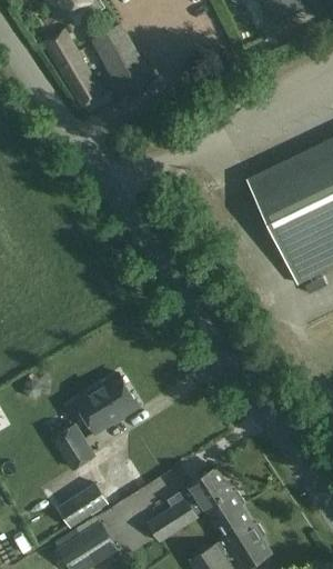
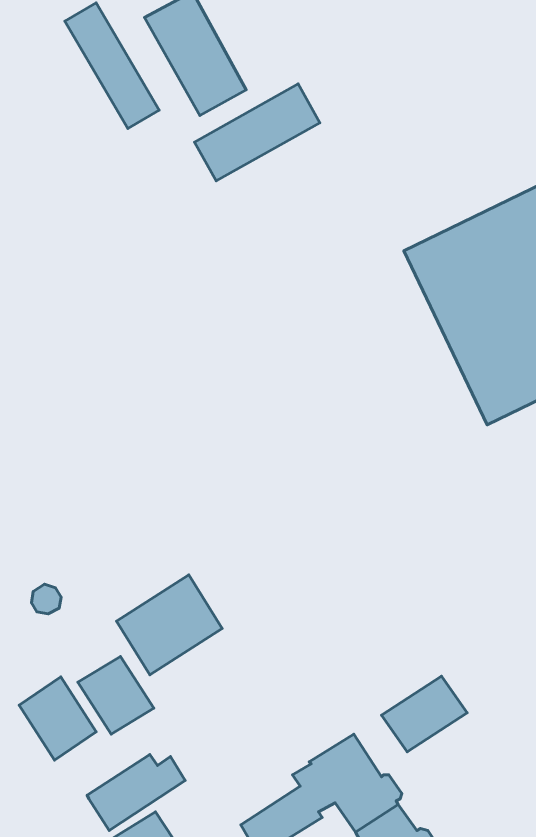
building: none -> [194,84,320,181]
building: none -> [381,676,467,752]
building: none -> [19,677,96,760]

